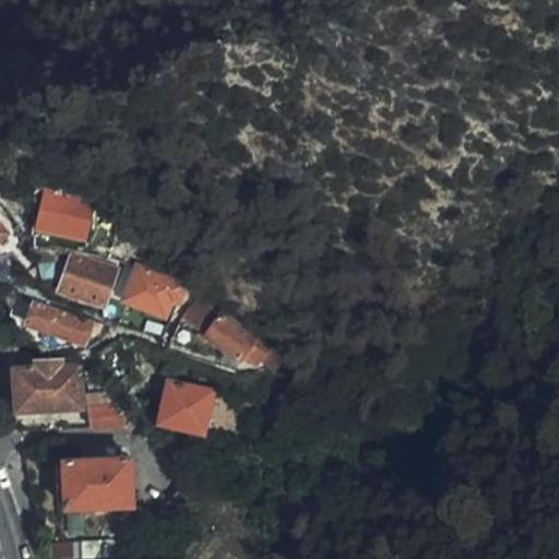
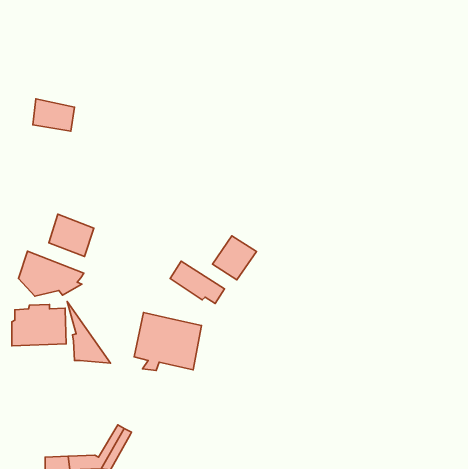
building: [38,199,87,237] -> [33,99,74,131]
building: [118,266,178,317] -> none
building: none -> [212,236,257,280]
building: [63,460,131,509] -> none

